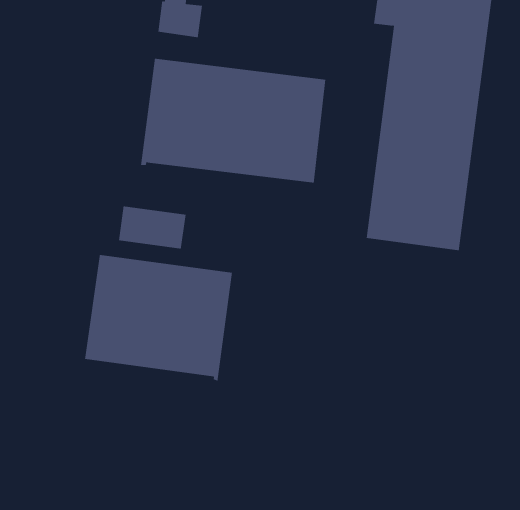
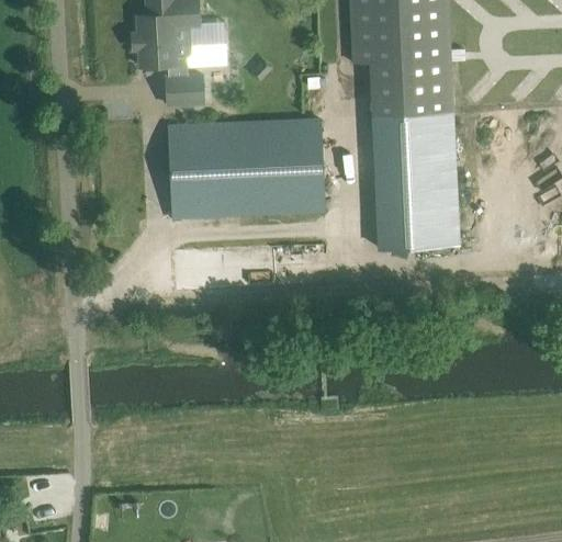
building: [84,254,232,381] -> none

